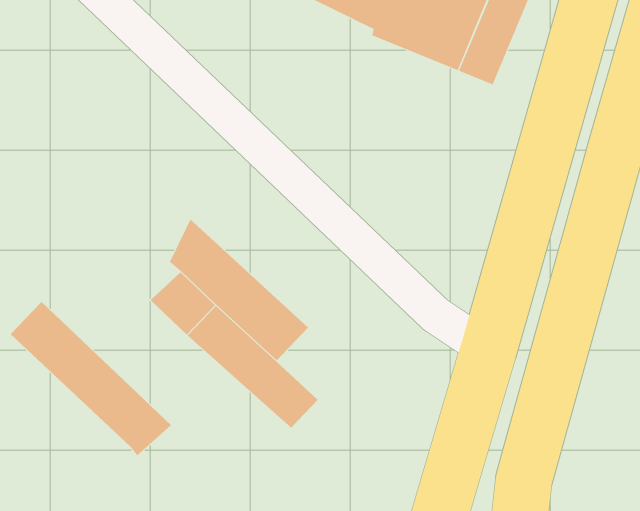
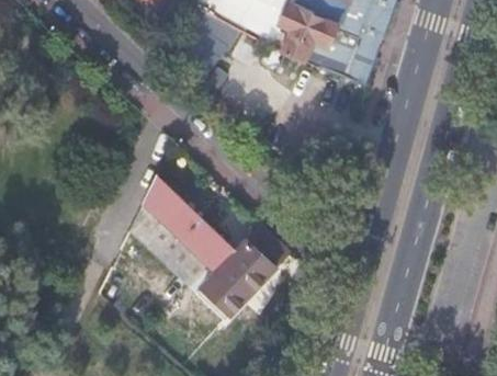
building: none -> [216,224,291,299]
building: [10,301,172,456] -> none

